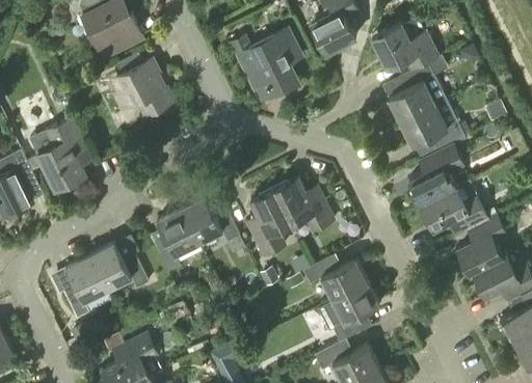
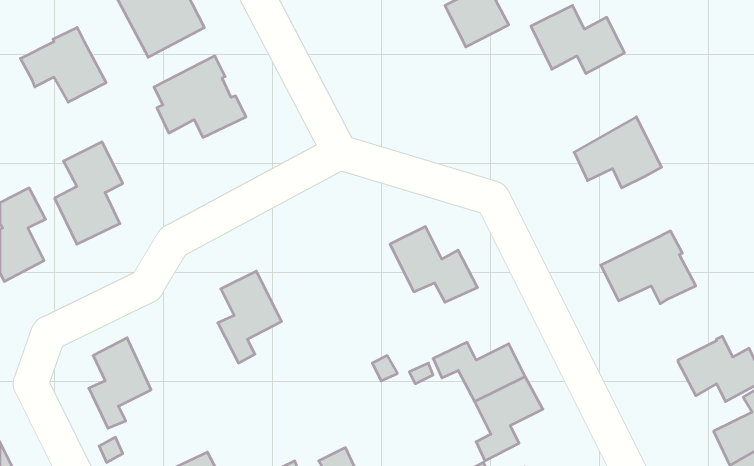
building: [231,29,301,100] -> none
building: none -> [20,27,106,102]
building: [388,55,449,126] -> none
building: [408,142,463,204] -> none
building: [249,190,290,255] -> none
building: [180,196,239,244] -> none
building: [459,215,507,274] -> none
building: [89,244,148,292] -> none

